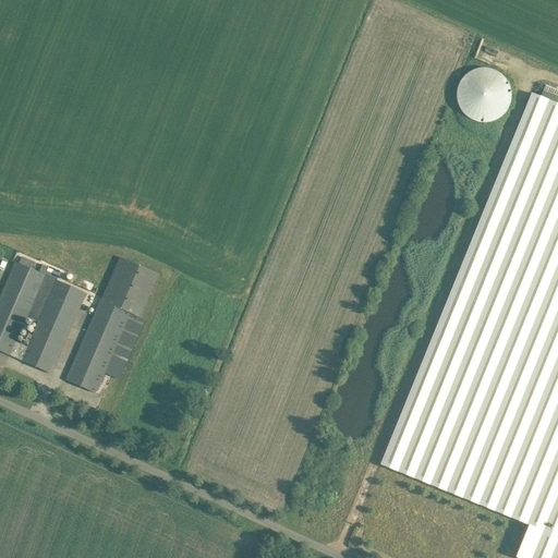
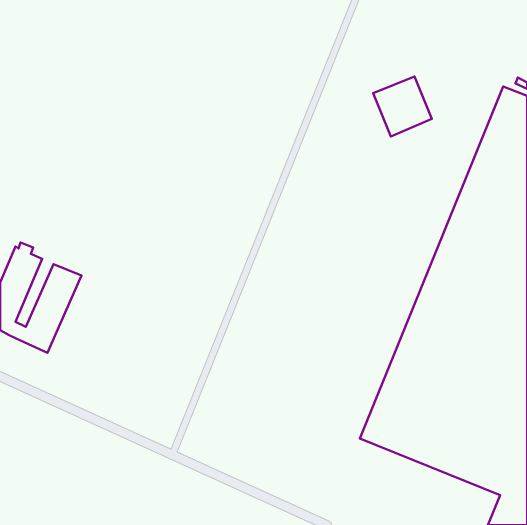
building: [454,62,517,125] -> [373,77,432,136]
building: [65,255,159,393] -> none

